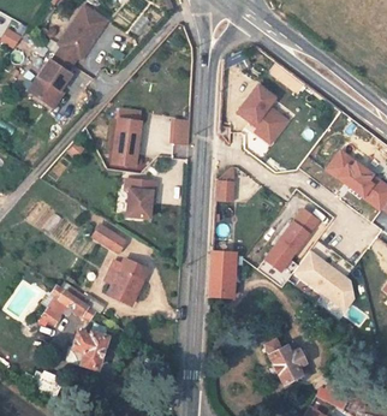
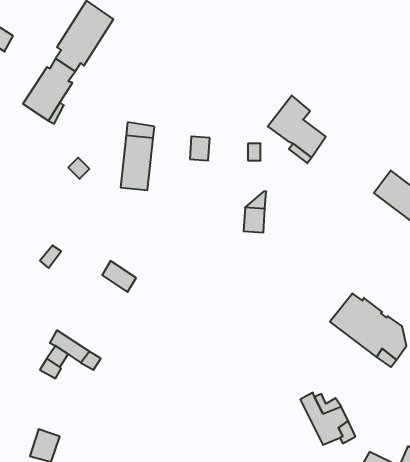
building: [126,178,156,218] -> none
building: [262,208,317,271] -> none
building: [212,250,233,298] -> none
building: [107,258,149,303] -> none
building: [66,328,108,366] -> none

